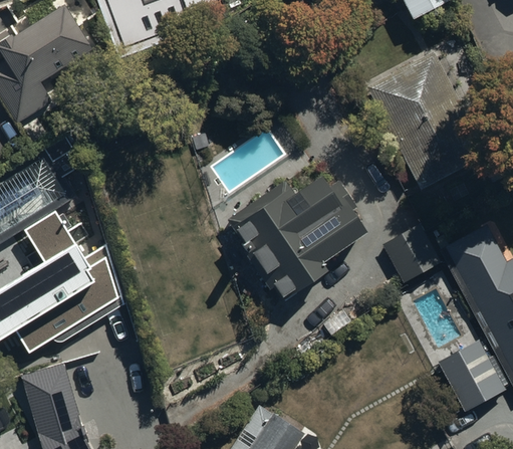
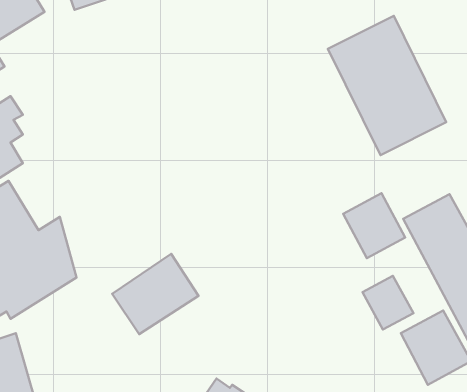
building: [224,178,363,303] -> none
building: none -> [112,254,198,334]
building: none -> [362,276,413,330]

